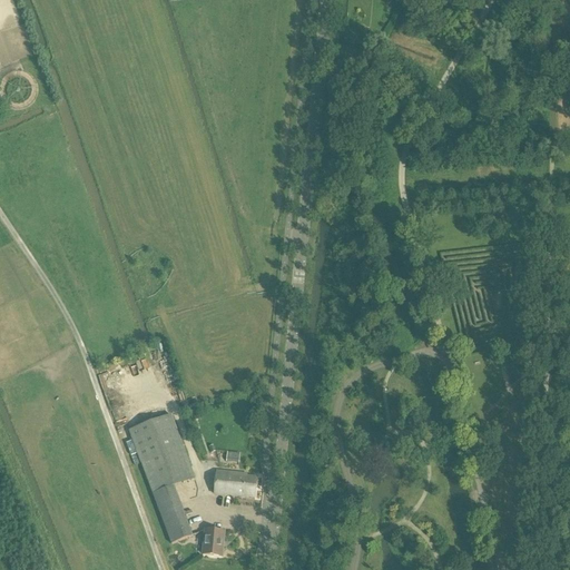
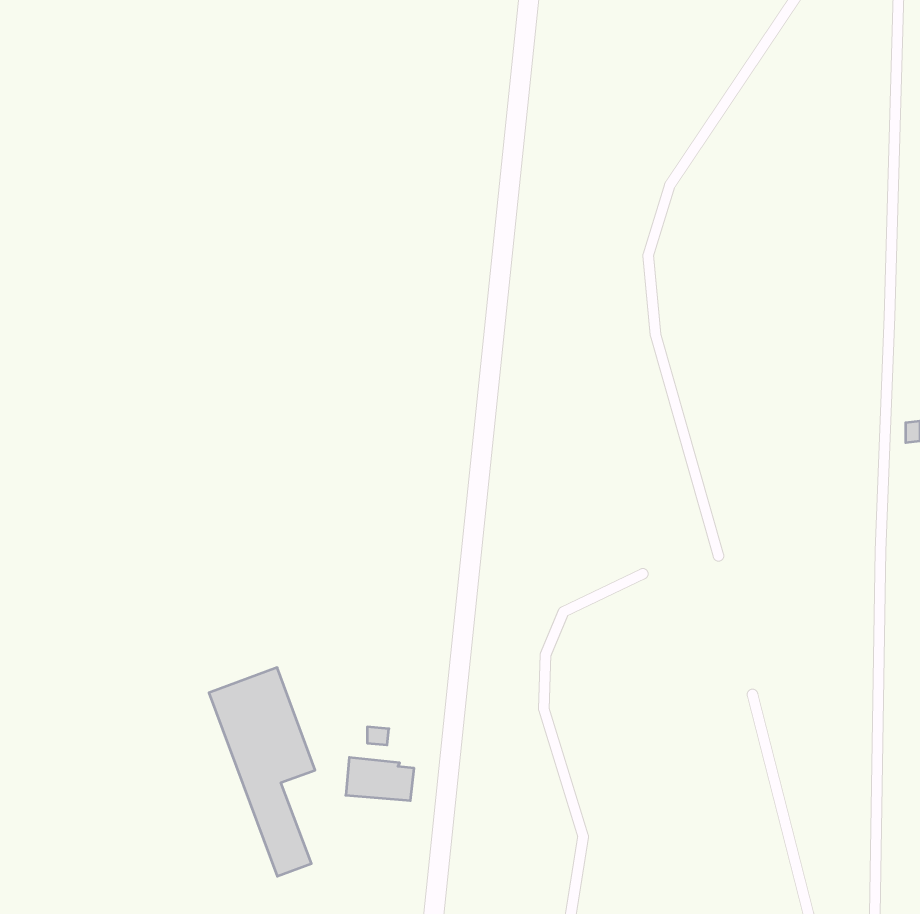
building: [203,528,224,554] -> none

